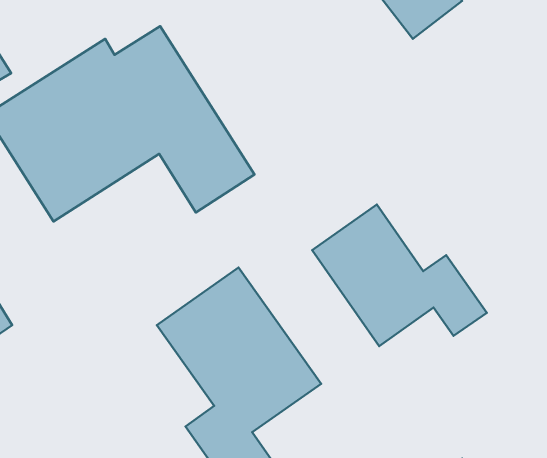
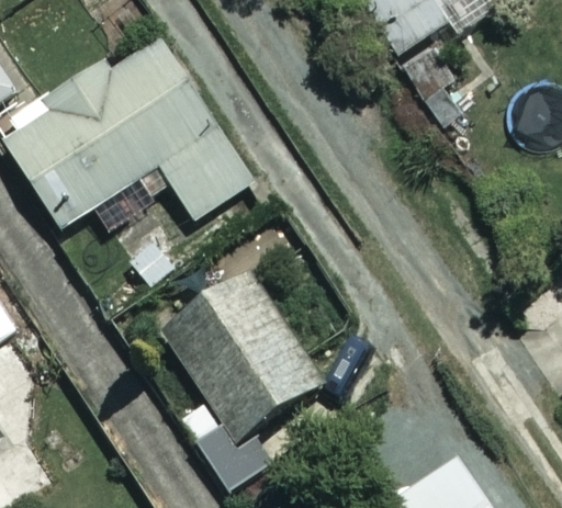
building: [312,205,487,346] -> none

